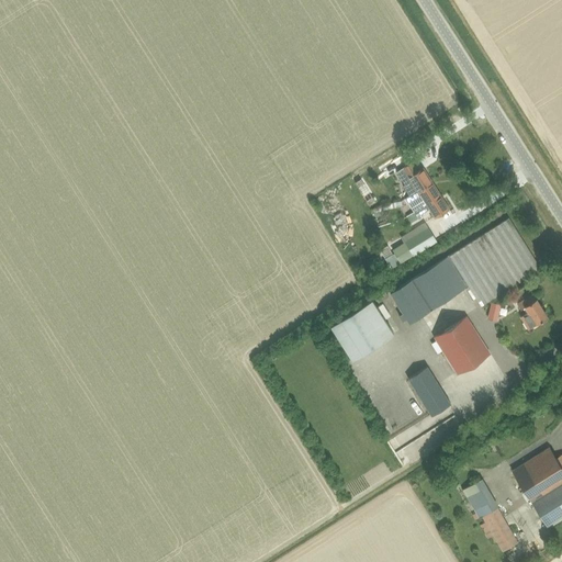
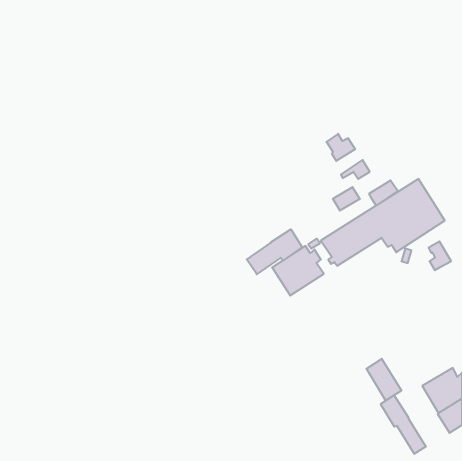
building: [405,182,440,213] -> [369,180,398,206]
building: none -> [247,229,302,274]
building: [434,317,490,374] -> none
building: [408,367,451,417] -> [366,359,402,400]

